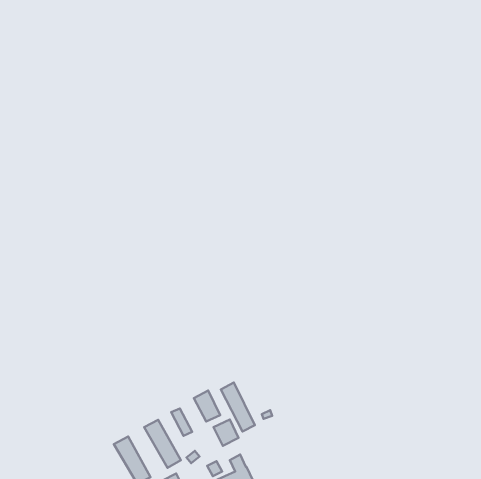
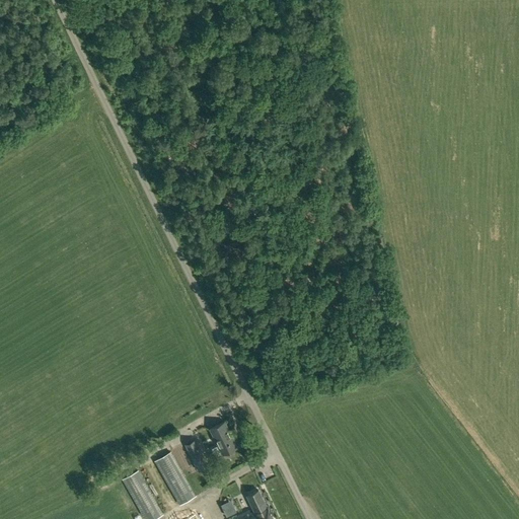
building: [221,382,255,431] -> none
building: [213,419,238,446] -> none

